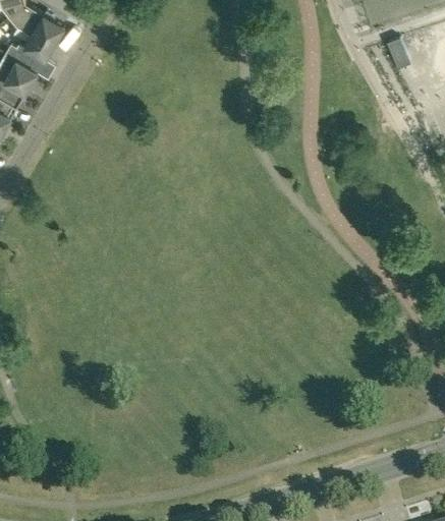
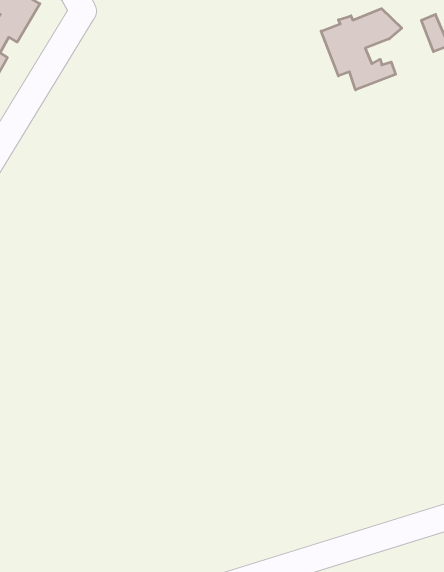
building: none -> [321,9,402,90]

